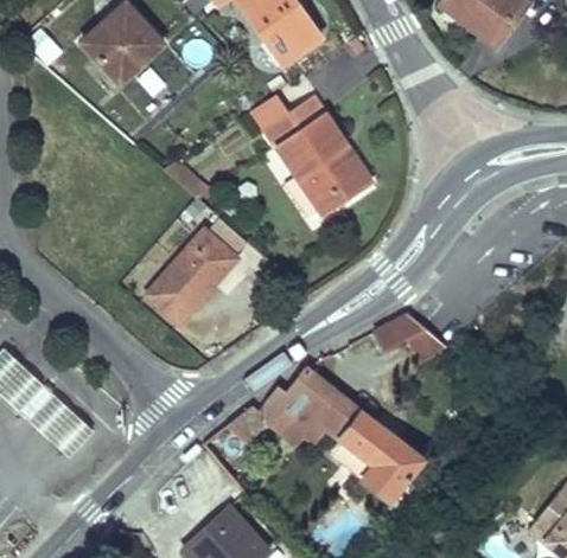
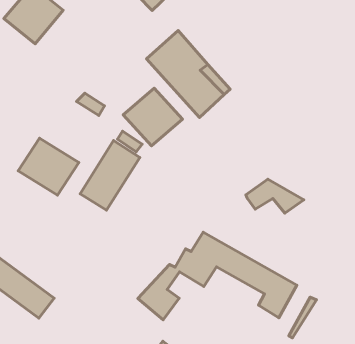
building: none -> [123,88,182,146]
building: none -> [18,138,79,195]

